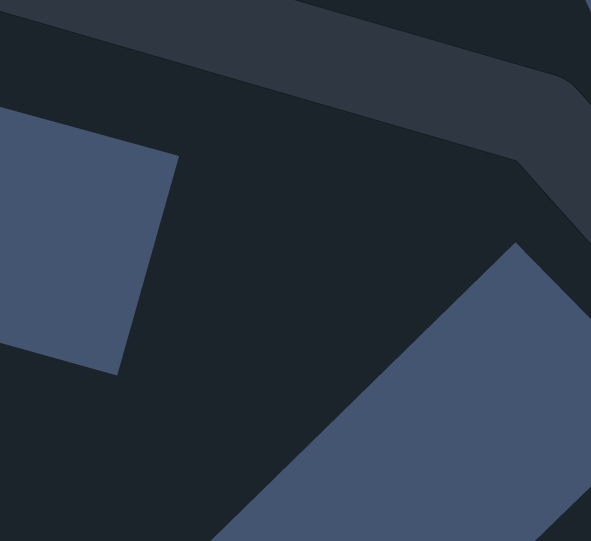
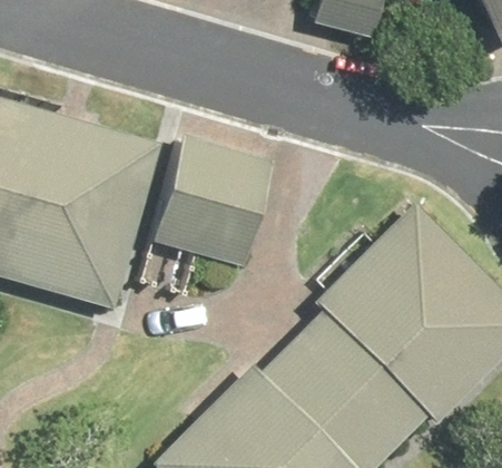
building: none -> [150,135,275,269]

